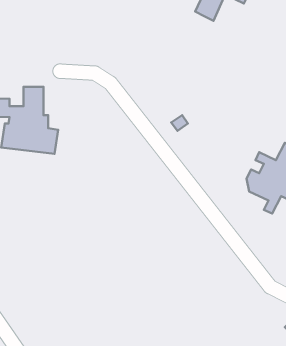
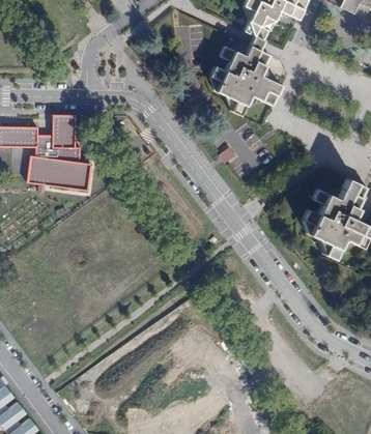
building: none -> [211,34,281,114]

